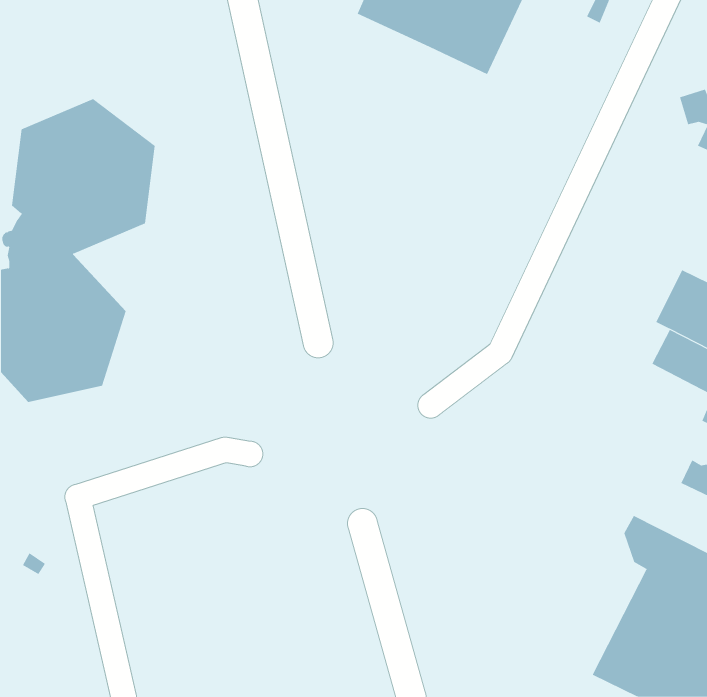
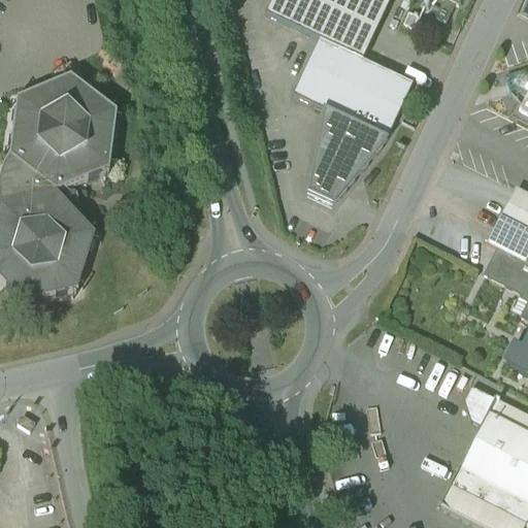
building: none -> [294,35,414,201]

